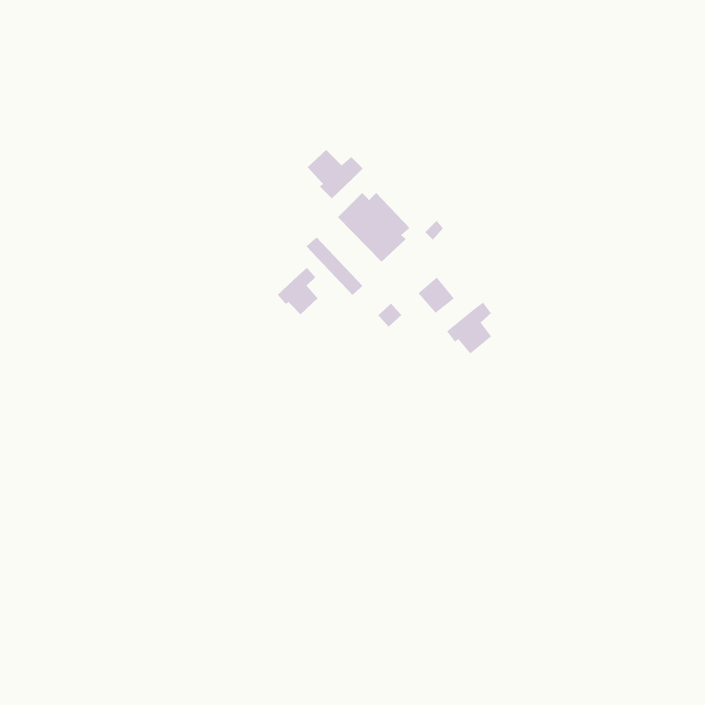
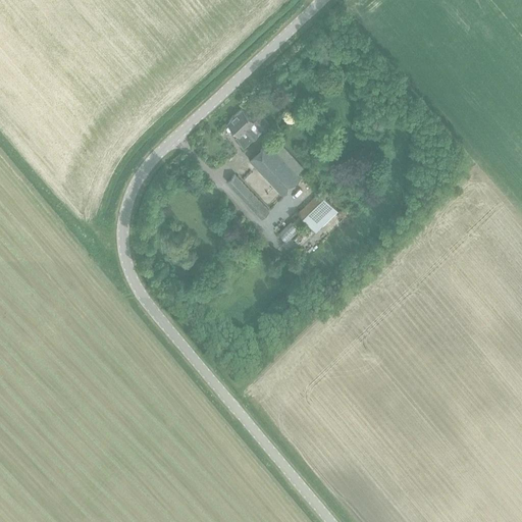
building: [277,267,319,315] -> none
building: [446,302,492,355] -> none

